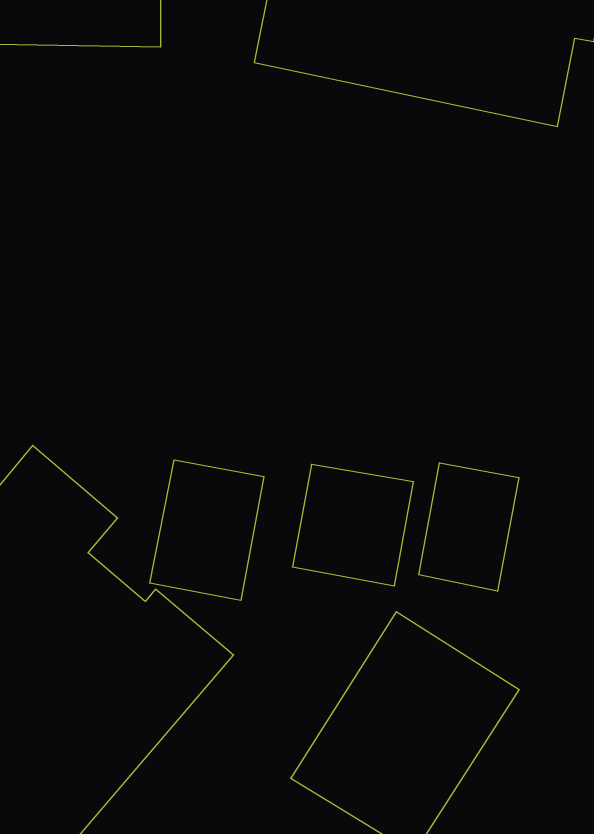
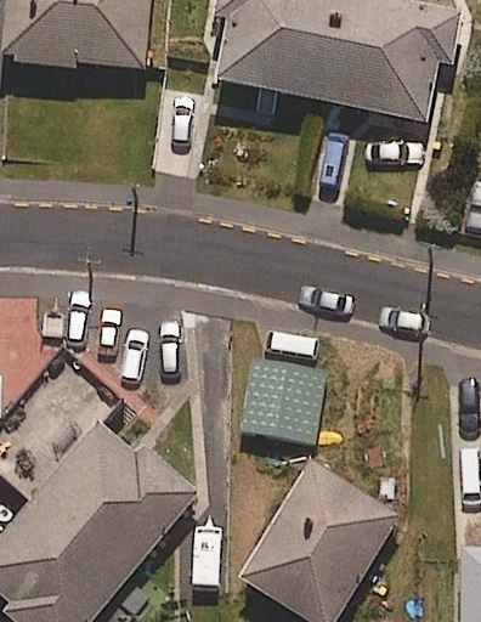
building: [150,460,264,600] -> none
building: [419,463,519,591] -> none

